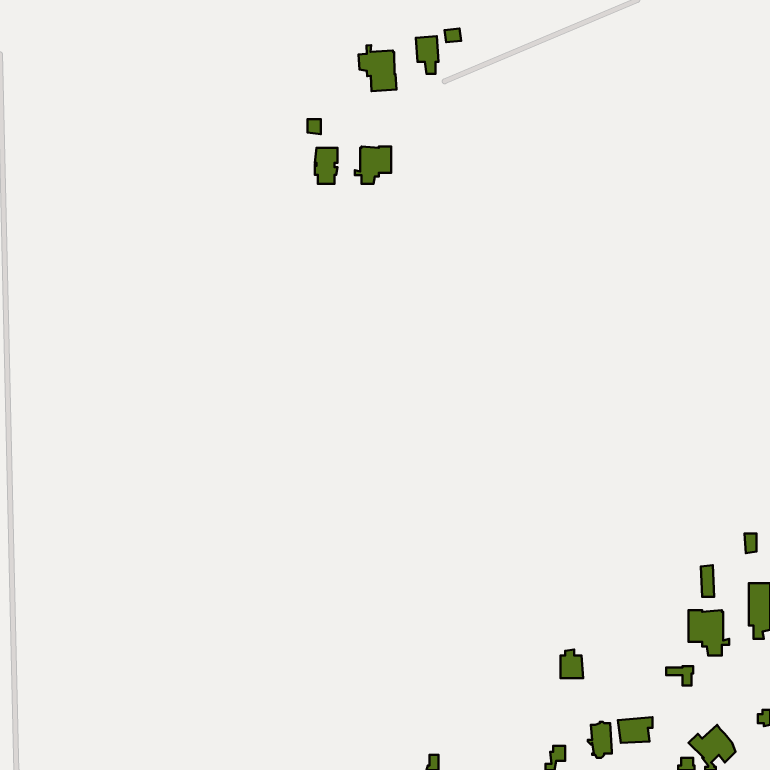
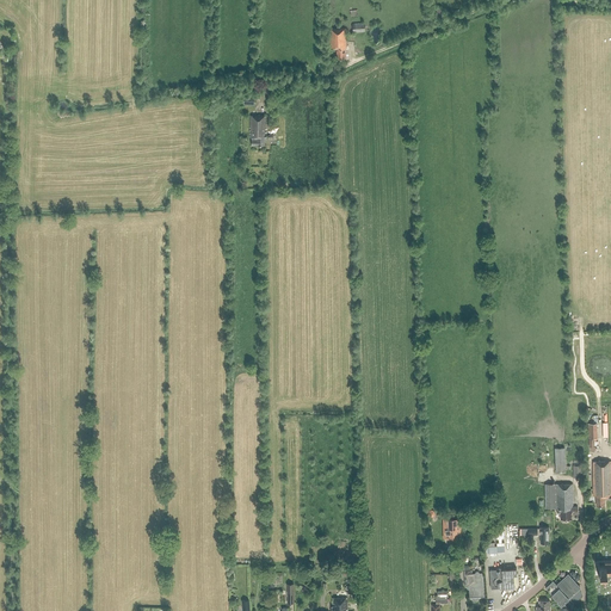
building: [359,45,397,91] -> none
building: [355,147,391,184] -> none

